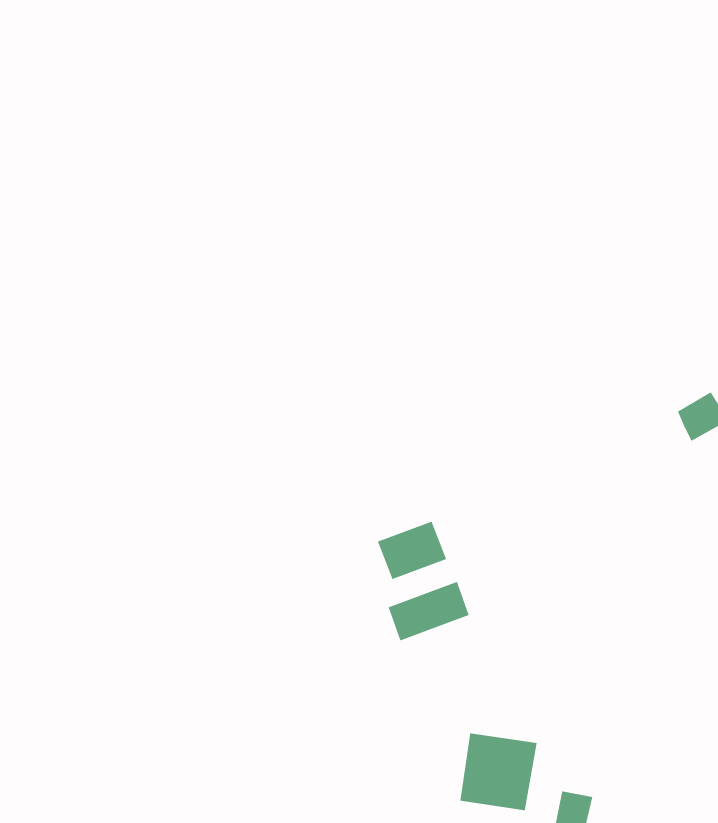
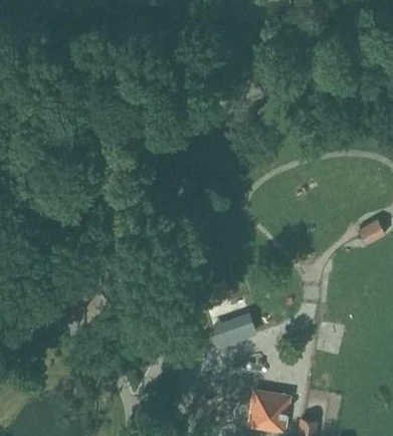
building: [377,521,447,580] -> none

